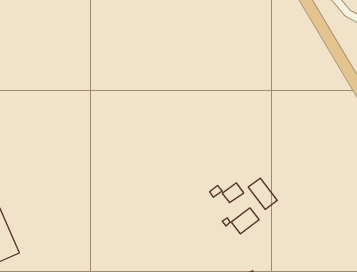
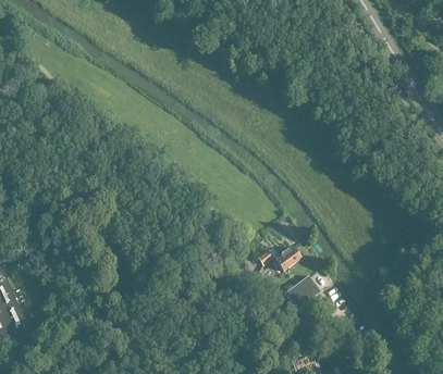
building: [248,178,277,209] -> none

